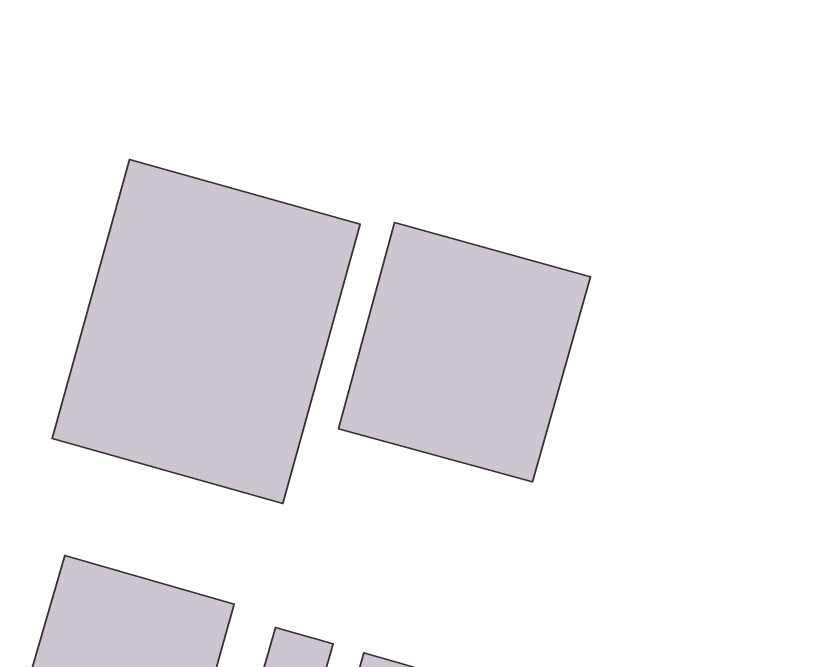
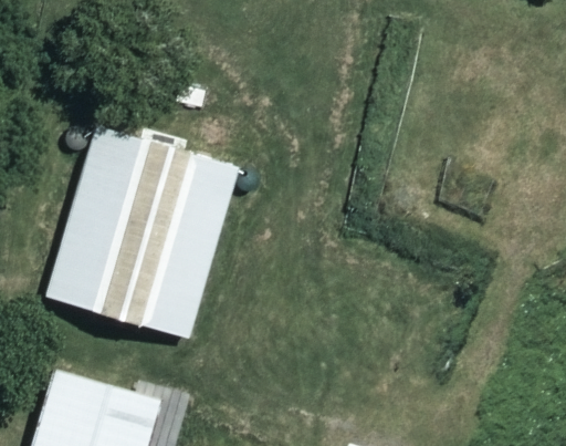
building: [338,222,590,482] -> none

